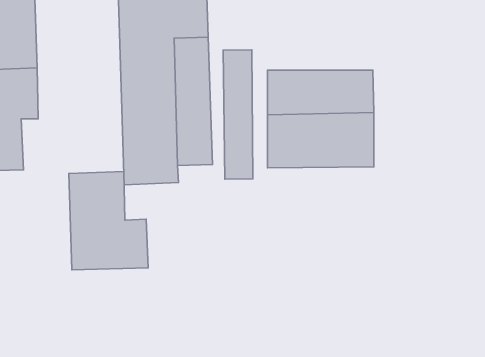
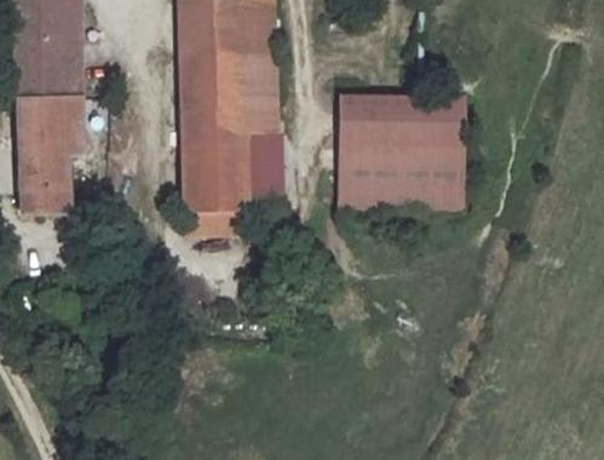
building: [223,50,253,179] -> none
building: [69,172,148,270] -> none

